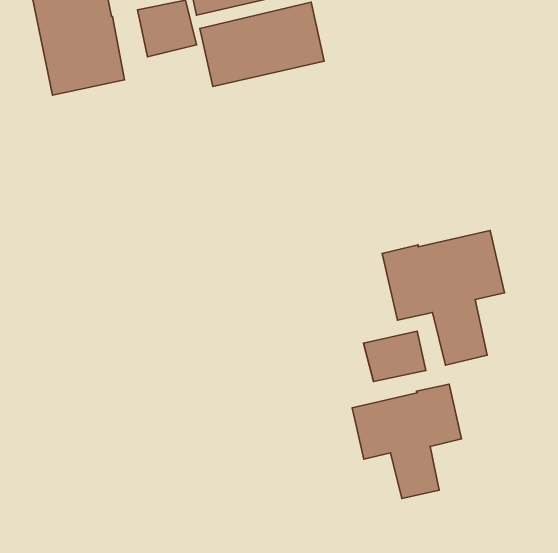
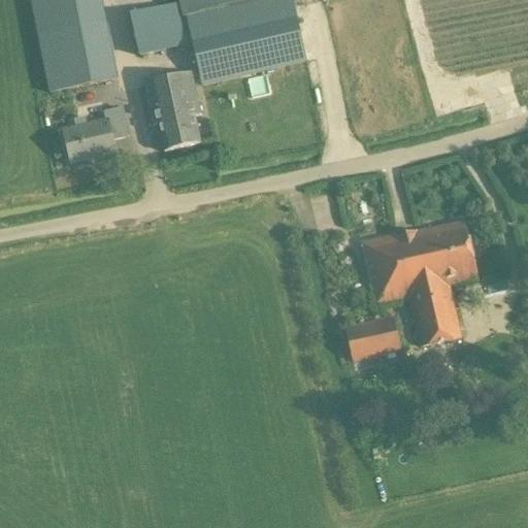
building: none -> [142,69,201,147]
building: none -> [63,101,131,160]
building: [352,384,462,498] -> none

